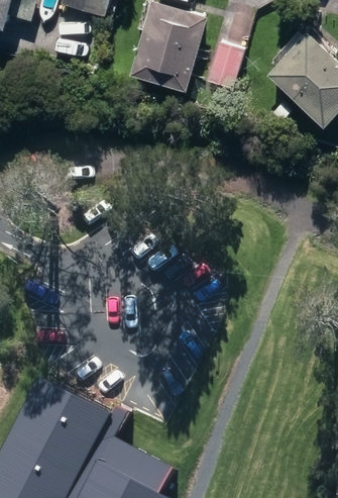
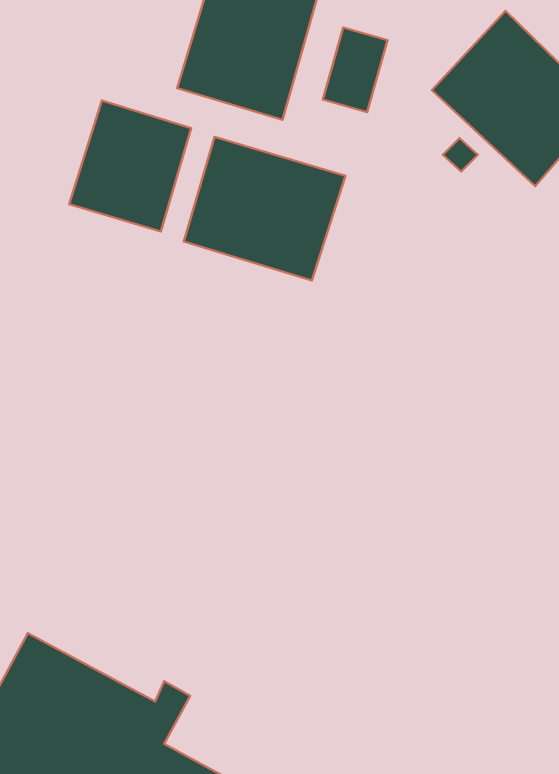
building: none -> [69,100,191,231]
building: none -> [184,137,345,281]

